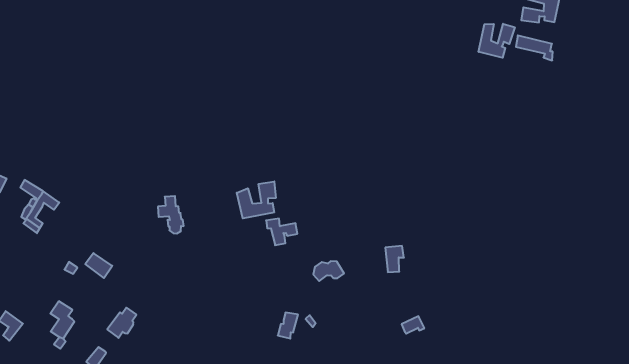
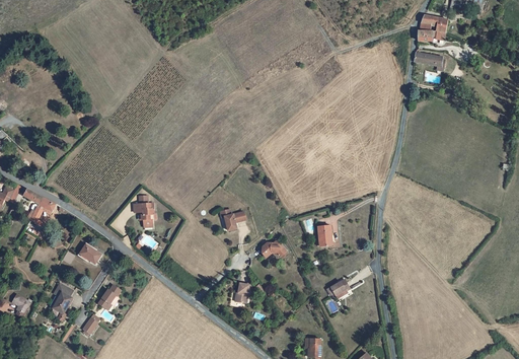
building: [479,24,515,58] -> none
building: [237,181,276,218] -> none

